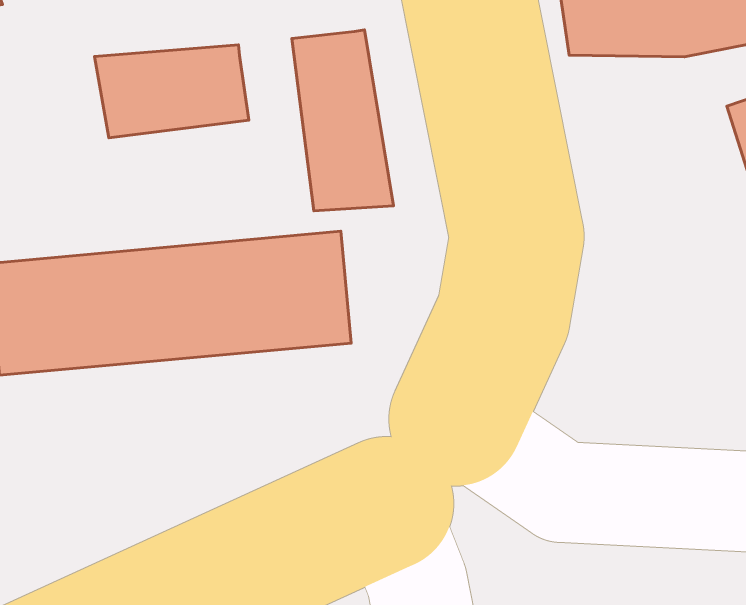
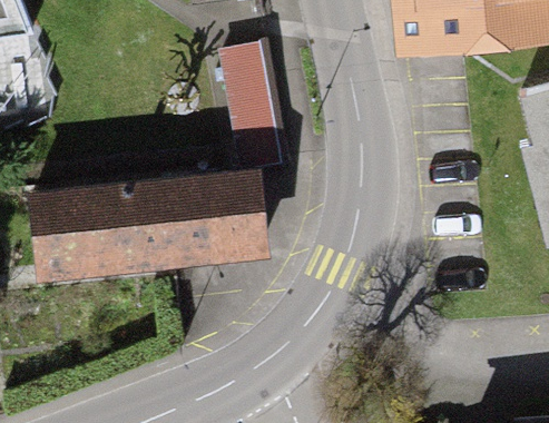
building: [94,45,249,138] -> none

